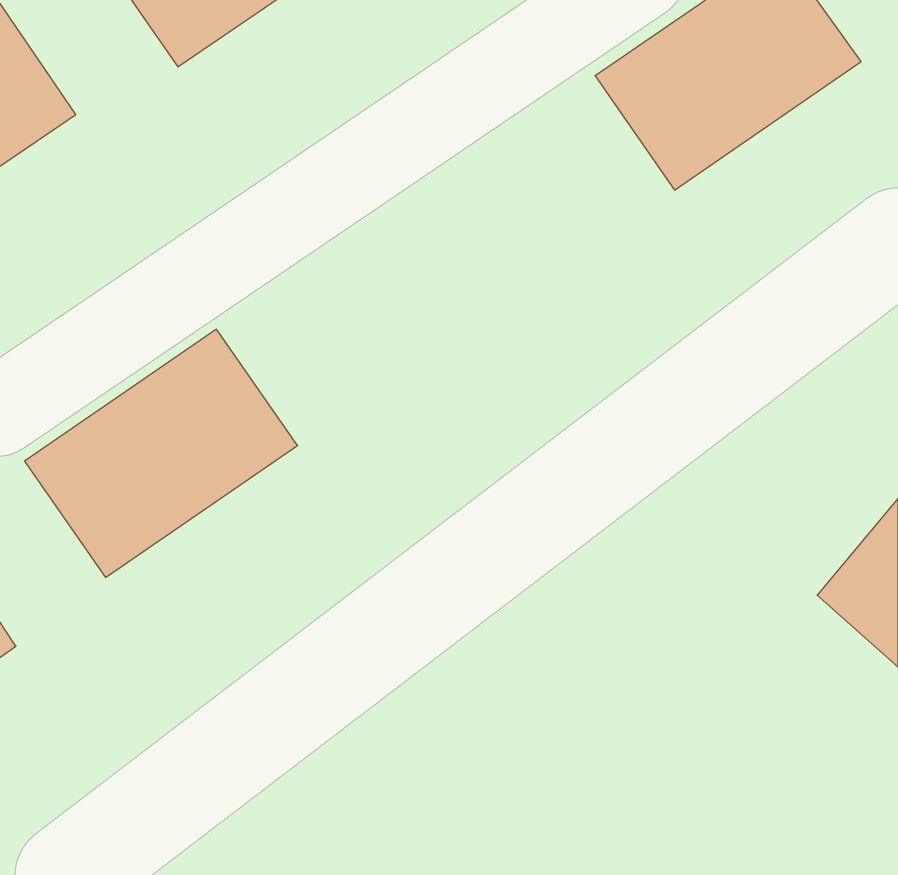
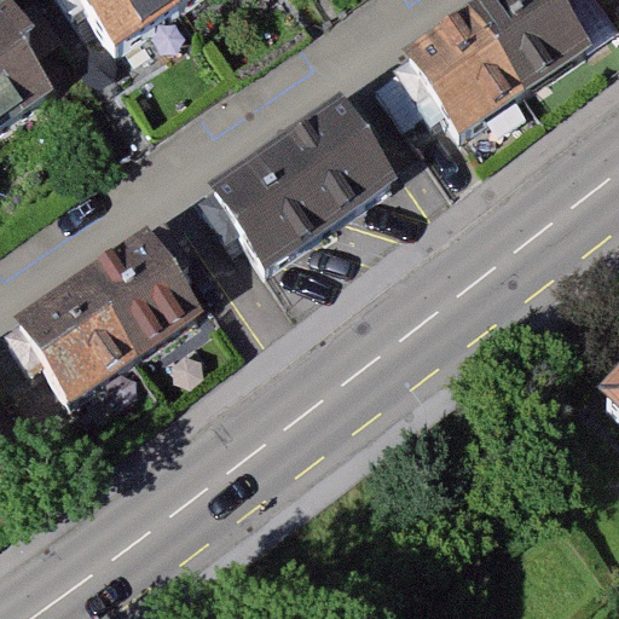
building: none -> [215,98,400,266]

